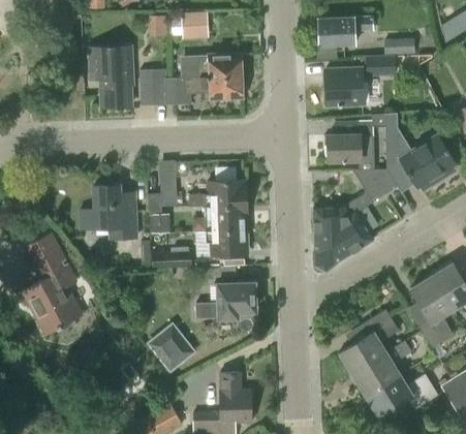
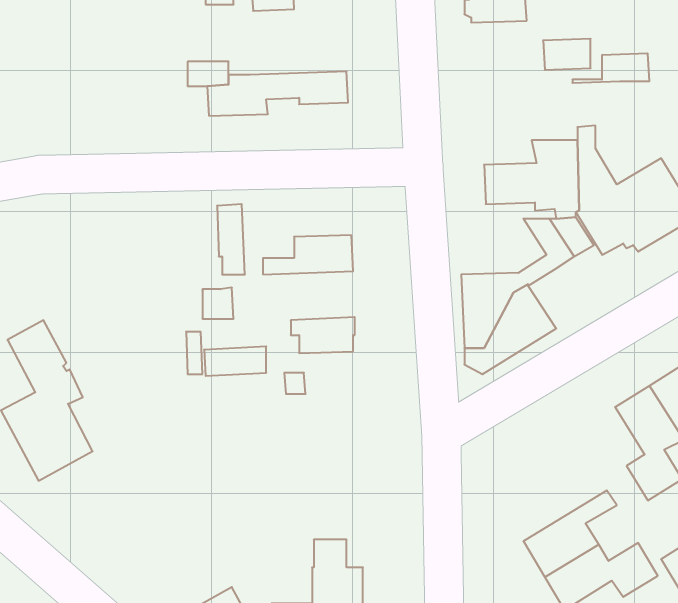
building: [365,38,413,57] -> [572,53,649,83]
building: [90,47,132,109] -> none
building: [180,55,241,79] -> none
building: [324,68,362,104] -> none
building: [77,185,135,238] -> none
building: [188,203,246,234] -> none
building: [194,283,254,317] -> none
building: [339,309,405,373] -> none
building: [145,321,195,373] -> none

